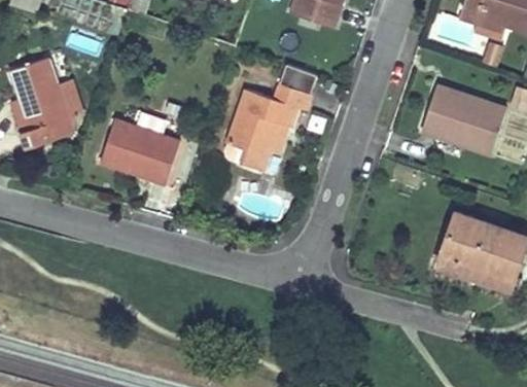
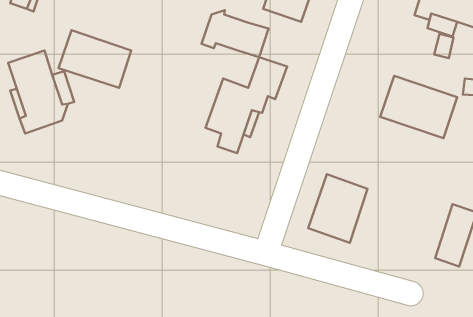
building: none -> [202,10,268,57]
building: [100,118,180,182] -> [59,30,131,88]
building: [435,210,501,286] -> [308,174,368,243]

